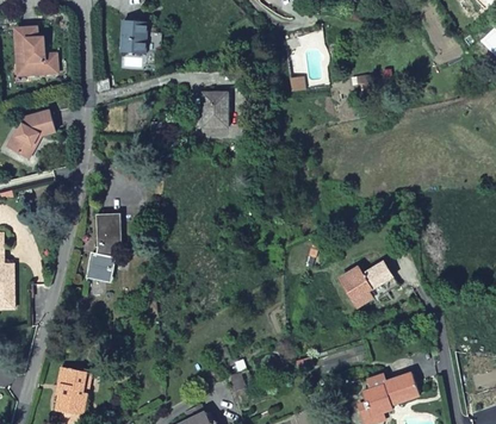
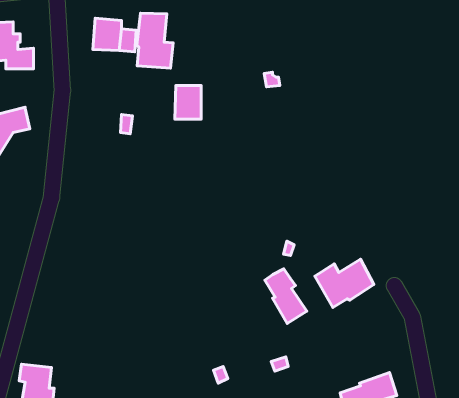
building: none -> [137,13,173,68]
building: [89,216,125,281] -> none
building: none -> [265,269,307,324]

